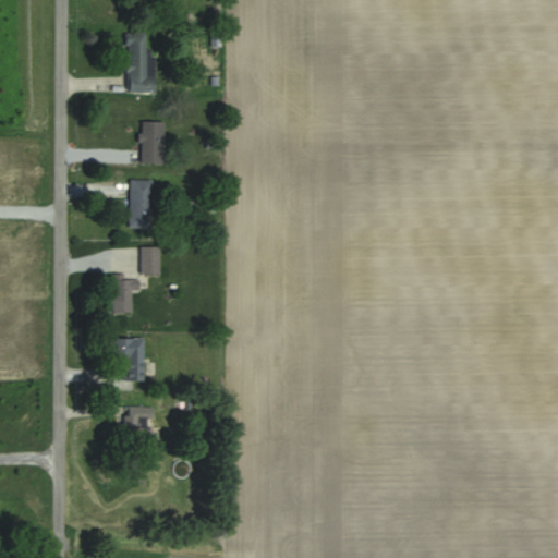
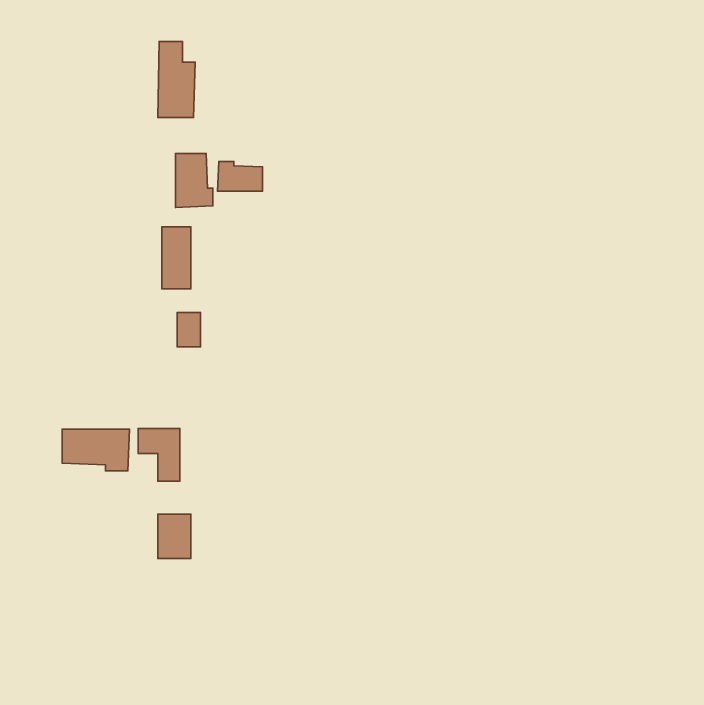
building: none -> [218,161,263,191]
building: [113,276,141,314] -> none
building: none -> [62,429,130,471]

